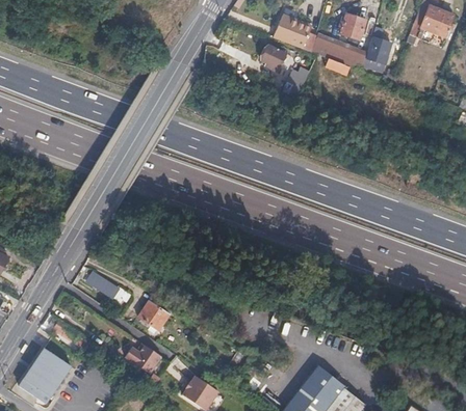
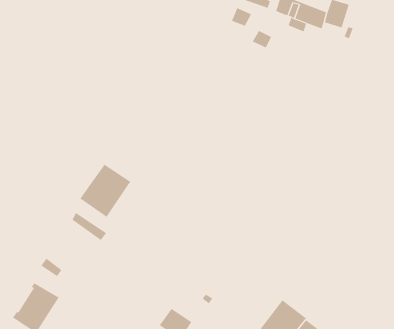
building: none -> [79,164,131,218]
building: [137,300,169,329] -> none
building: [126,345,162,373] -> none

